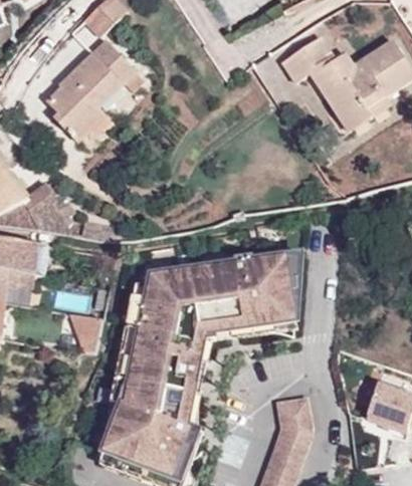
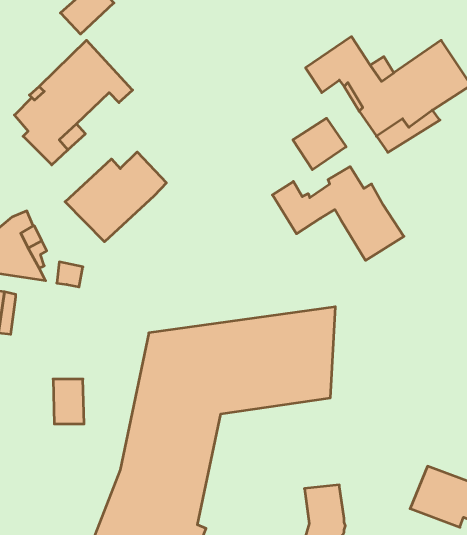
building: none -> [293,118,346,170]
building: none -> [65,152,166,242]
building: none -> [272,167,404,260]

